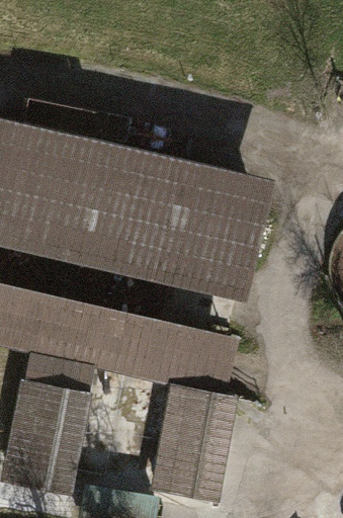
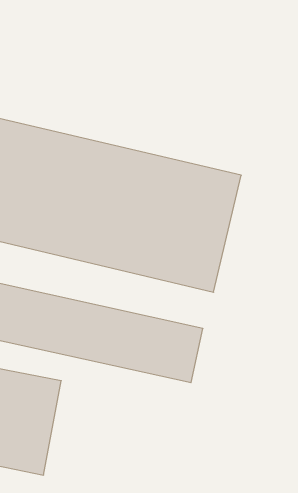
building: [147,393,235,501] -> none

